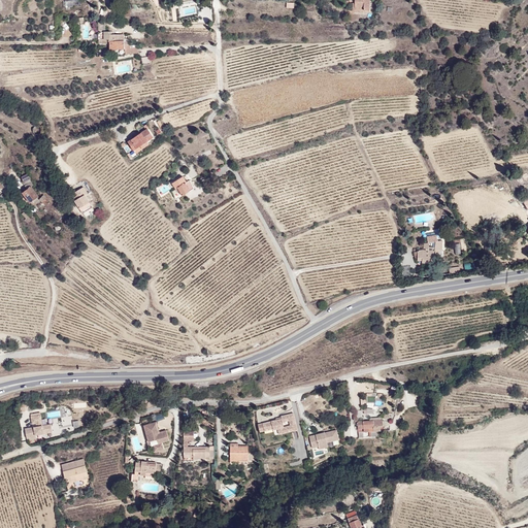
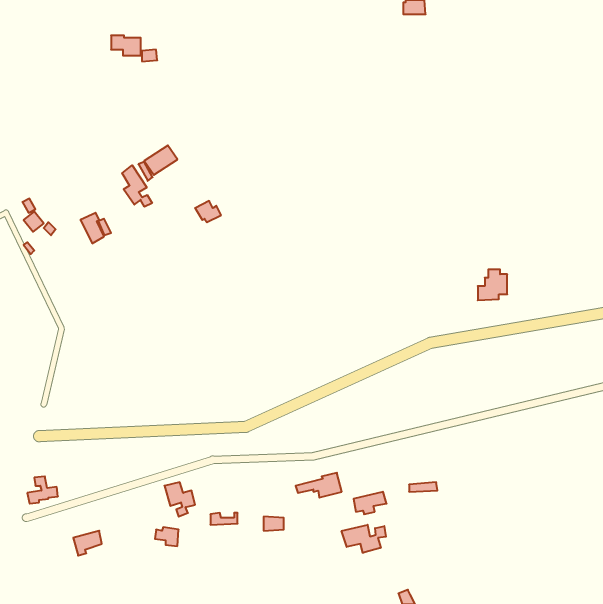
building: none -> [122,165,152,207]
building: none -> [342,525,386,553]

